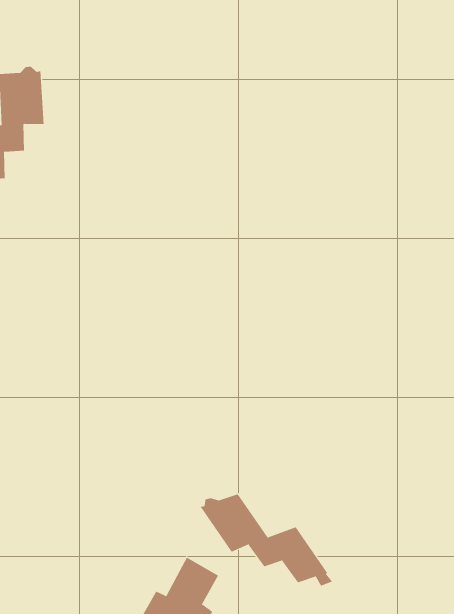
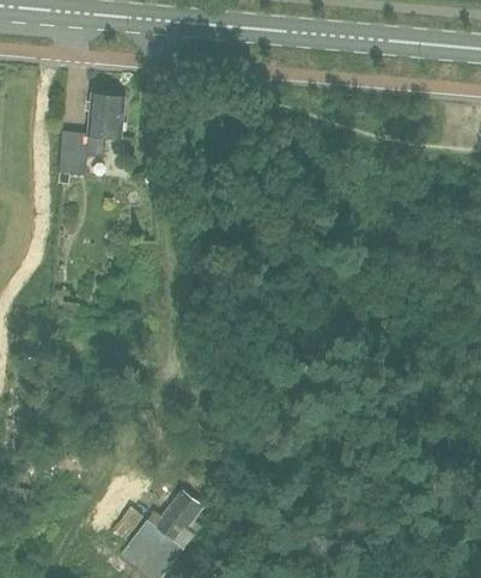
building: [200,493,333,587] -> none

